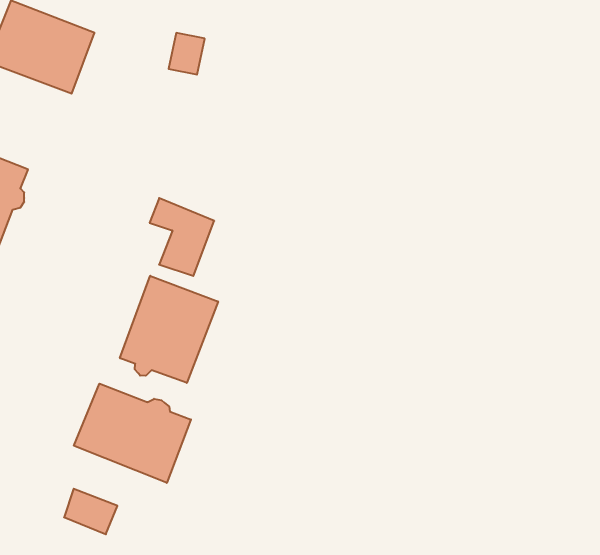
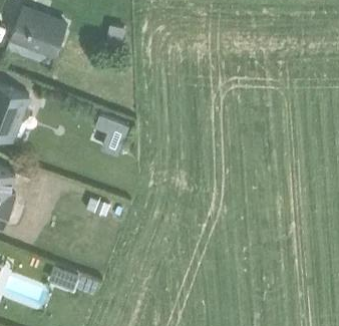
building: [120,276,218,383] -> none
building: [74,384,191,483] -> none

